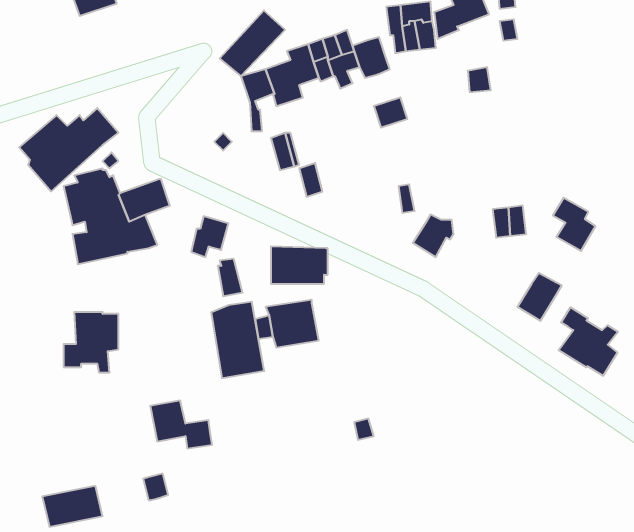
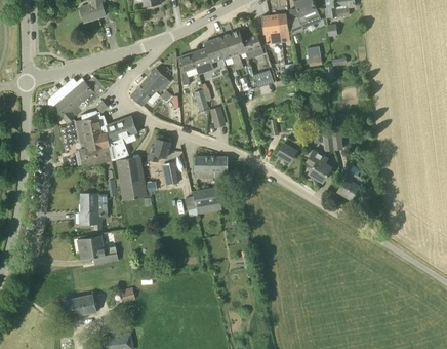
building: [220,10,285,76] -> [129,68,167,106]
building: [553,198,595,251] -> [306,151,330,182]
building: [211,302,264,378] -> [116,156,147,200]
building: [559,307,618,376] -> none
building: [150,401,212,448] -> [81,235,117,263]

